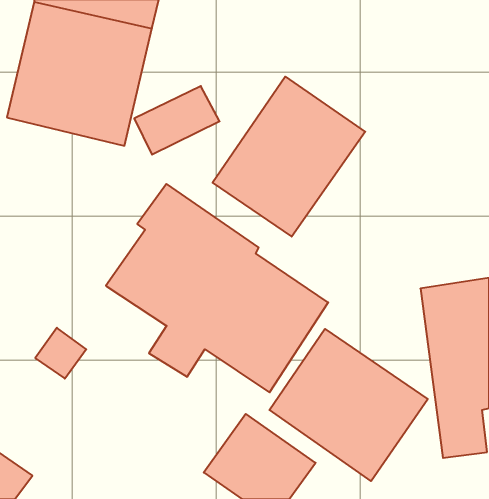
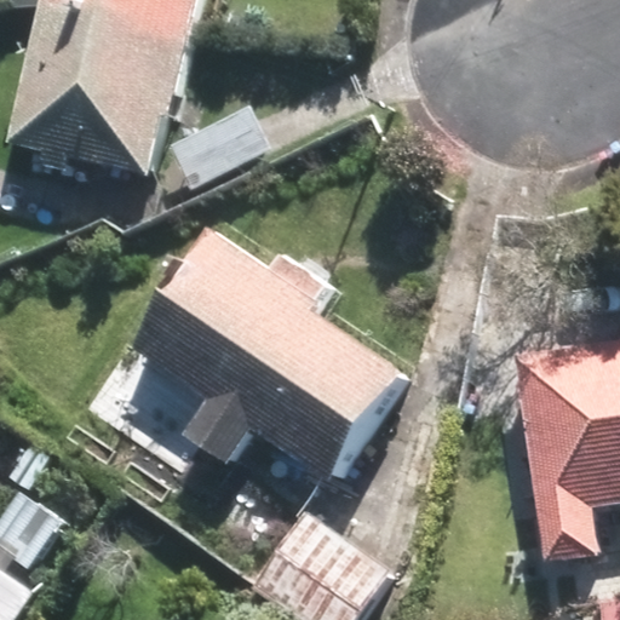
building: [213,77,365,237] -> none
building: [269,329,428,481] -> none

